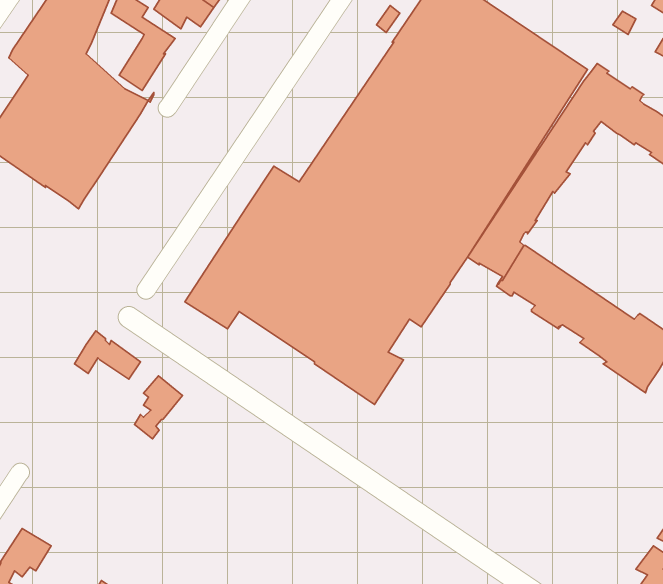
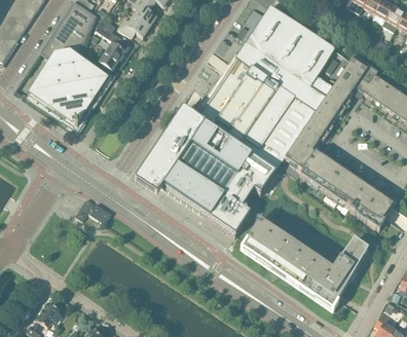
building: none -> [240,220,367,309]
building: [134,376,182,439] -> none

